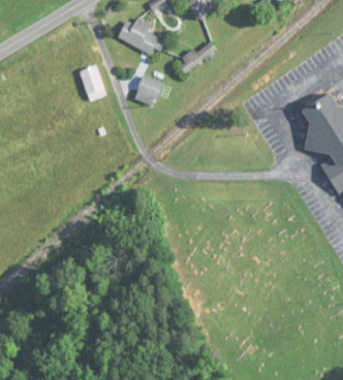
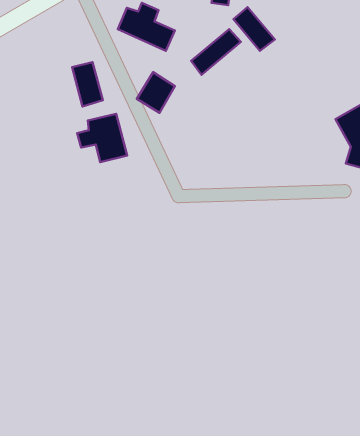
building: none -> [234,7,275,51]
building: none -> [77,114,127,162]

